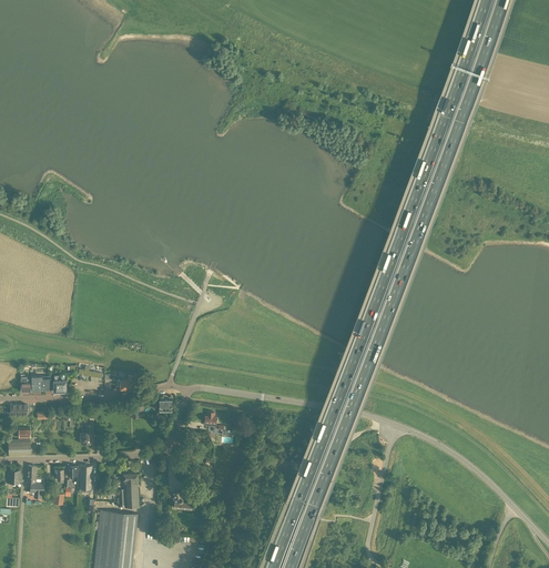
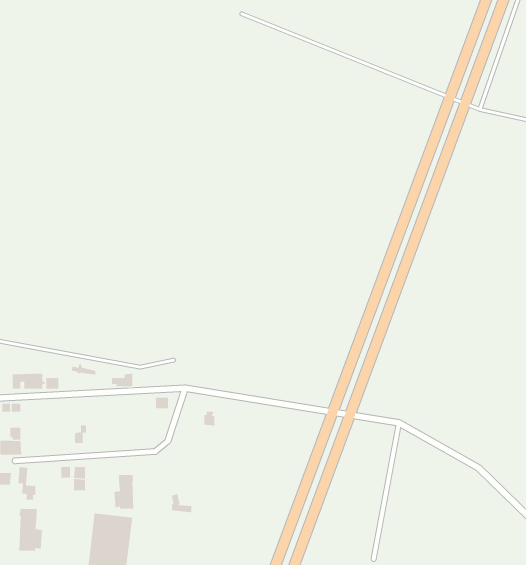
building: none -> [19,508,42,551]

